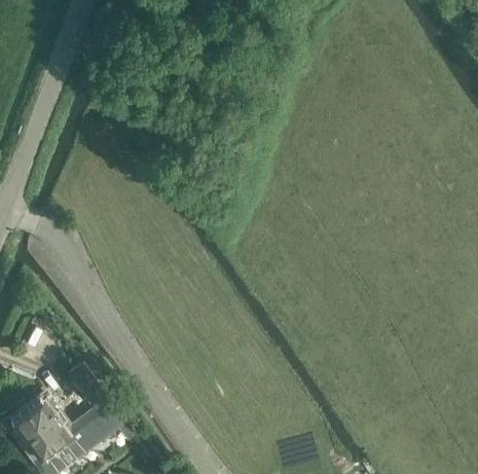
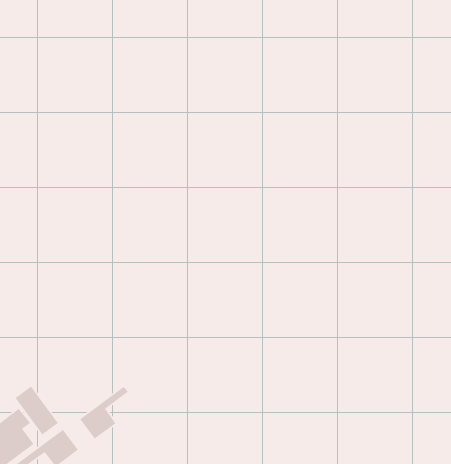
building: none -> [79,386,129,439]

